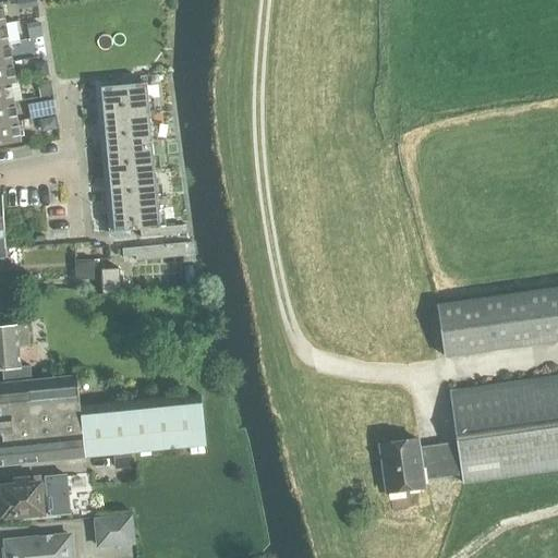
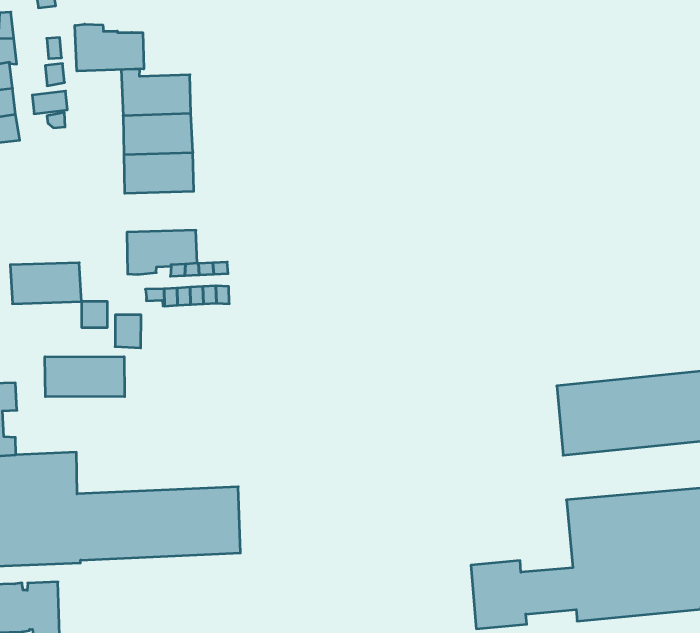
building: none -> [75,24,144,71]
building: [102,172,158,206] -> [10,263,82,304]
building: none -> [45,357,125,397]

